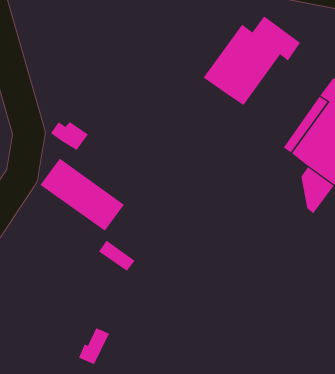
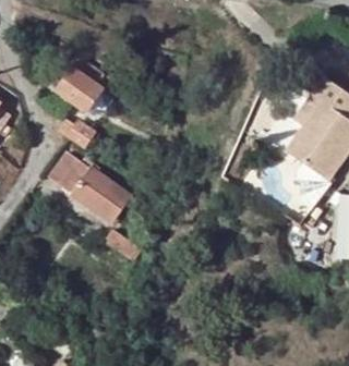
building: [203,16,301,106] -> none
building: none -> [55,65,103,111]

